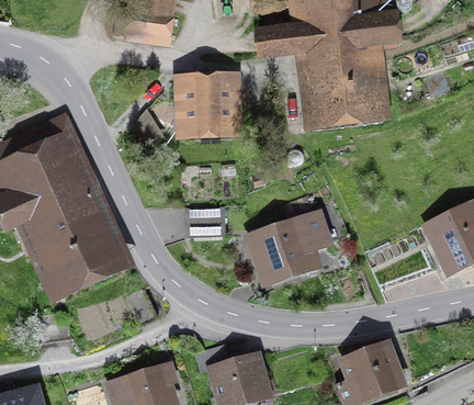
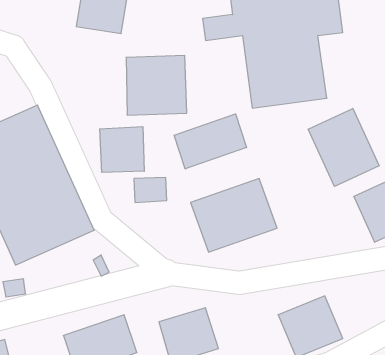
building: none -> [308,108,379,186]
building: none -> [174,114,247,169]
building: none -> [100,127,144,172]

